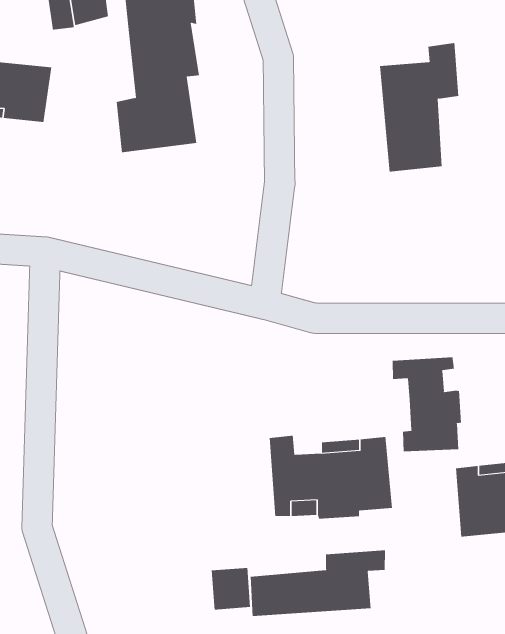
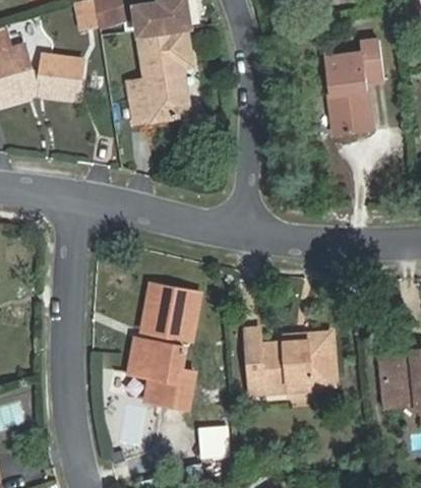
building: [392,356,462,452] -> none
building: none -> [128,284,198,408]
building: [250,549,386,617] -> none

